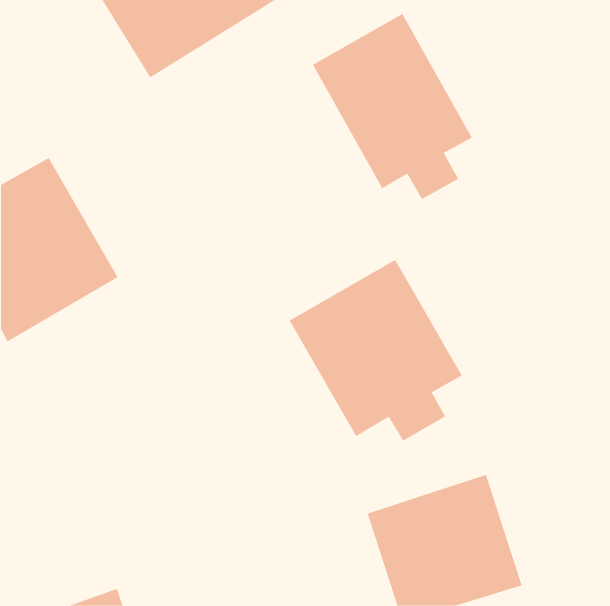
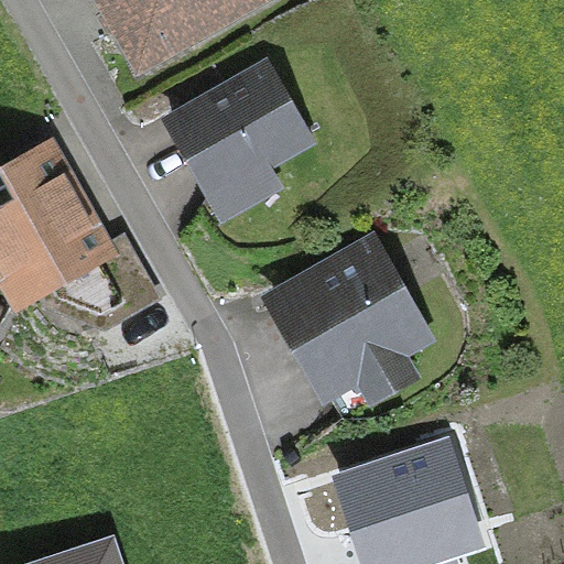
building: [312,13,472,200] -> none
building: none -> [162,56,314,221]

